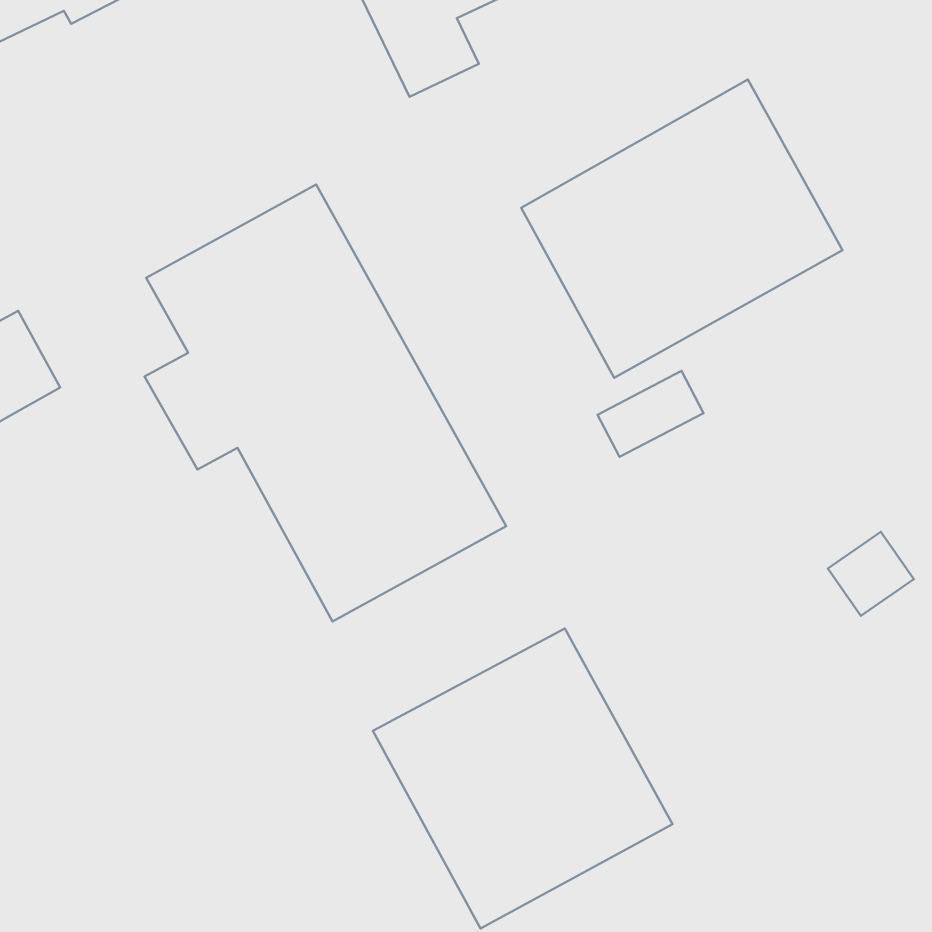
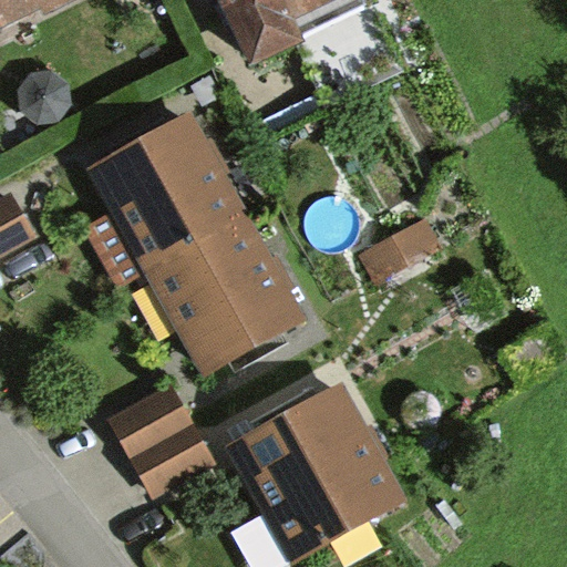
building: [521,80,843,378] -> none
building: none -> [107,384,215,499]

